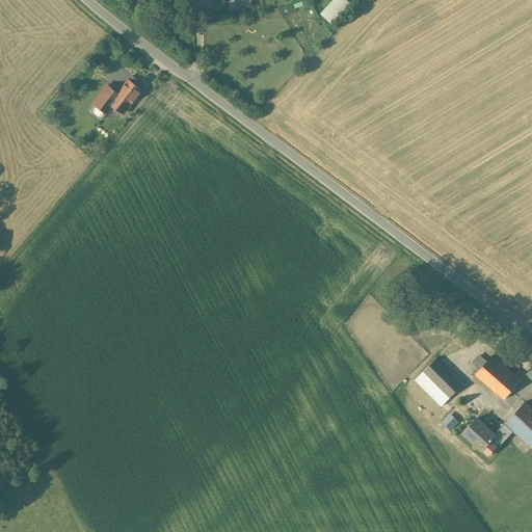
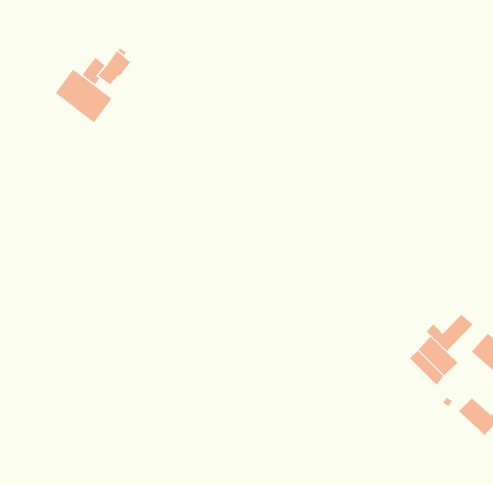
building: none -> [55,68,112,123]
building: none -> [426,314,474,352]

